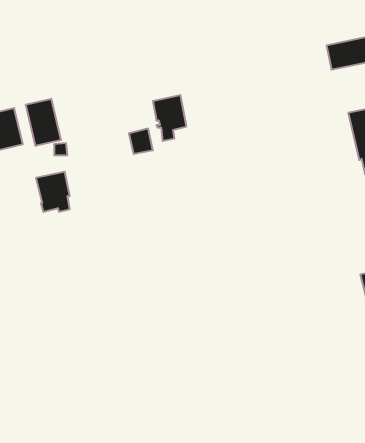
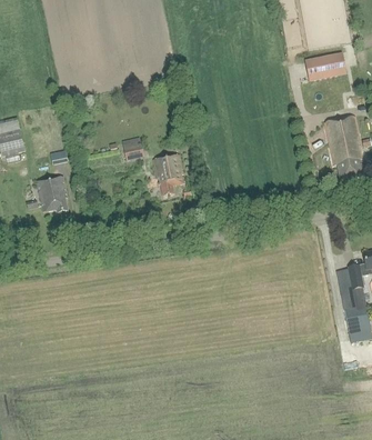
building: [153,95,186,141] -> [153,154,184,197]
building: [26,99,61,146] -> none

